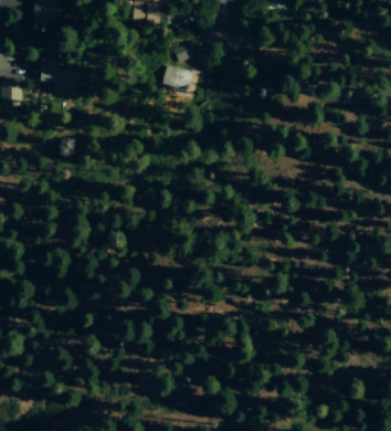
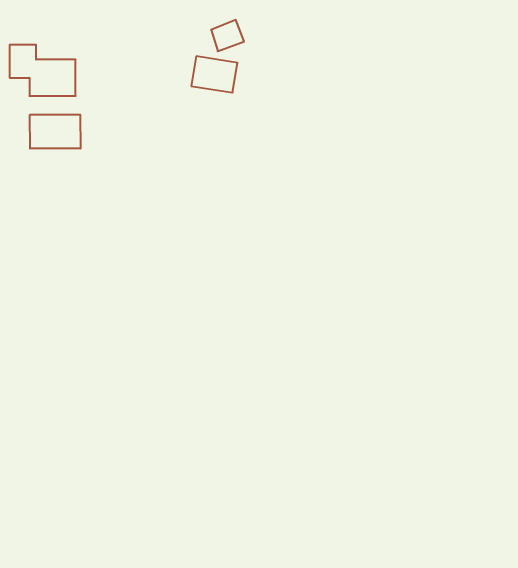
building: none -> [30,115,81,149]

